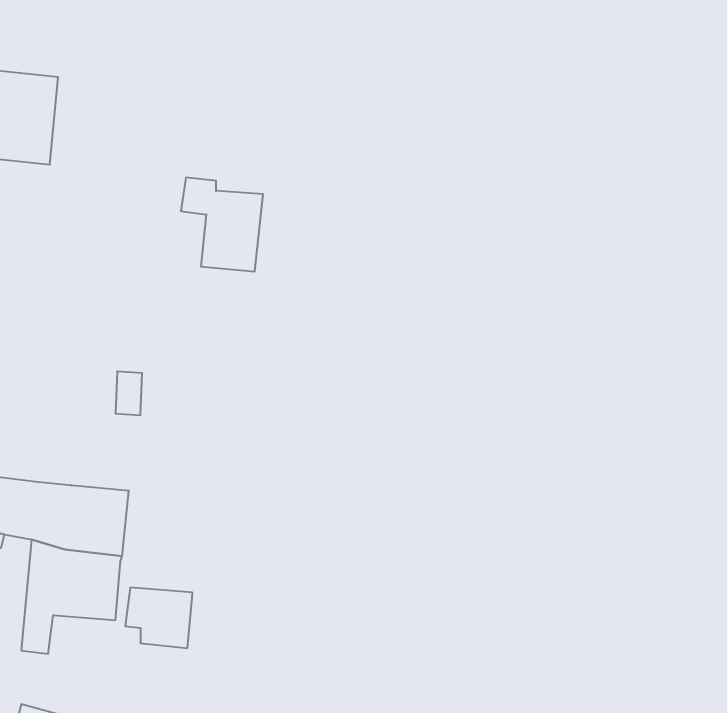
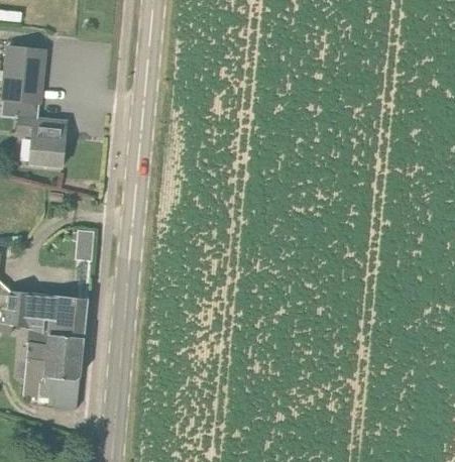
building: [181,177,263,272] -> [17,111,67,167]
building: [125,588,192,648] -> [39,373,80,410]

